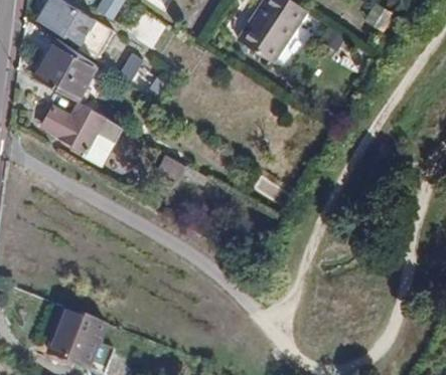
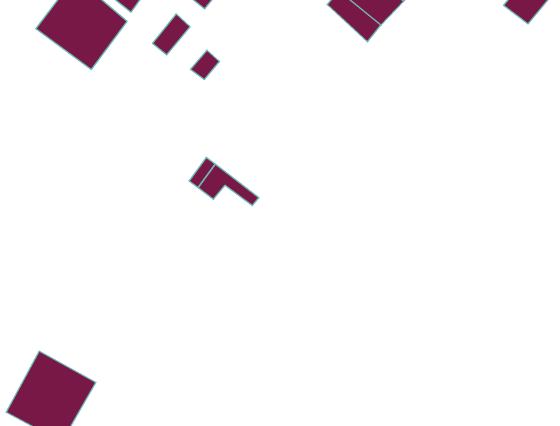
building: [41,103,123,166] -> none

